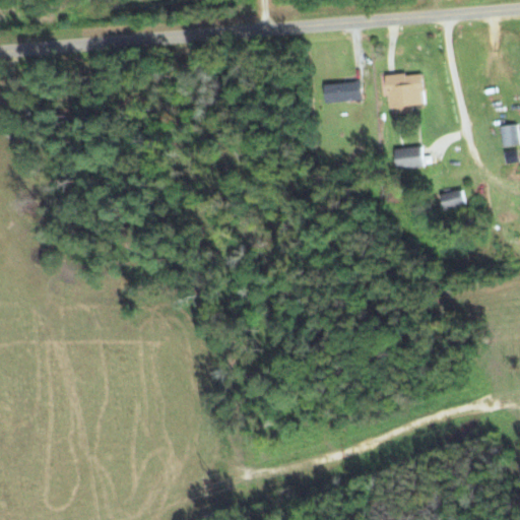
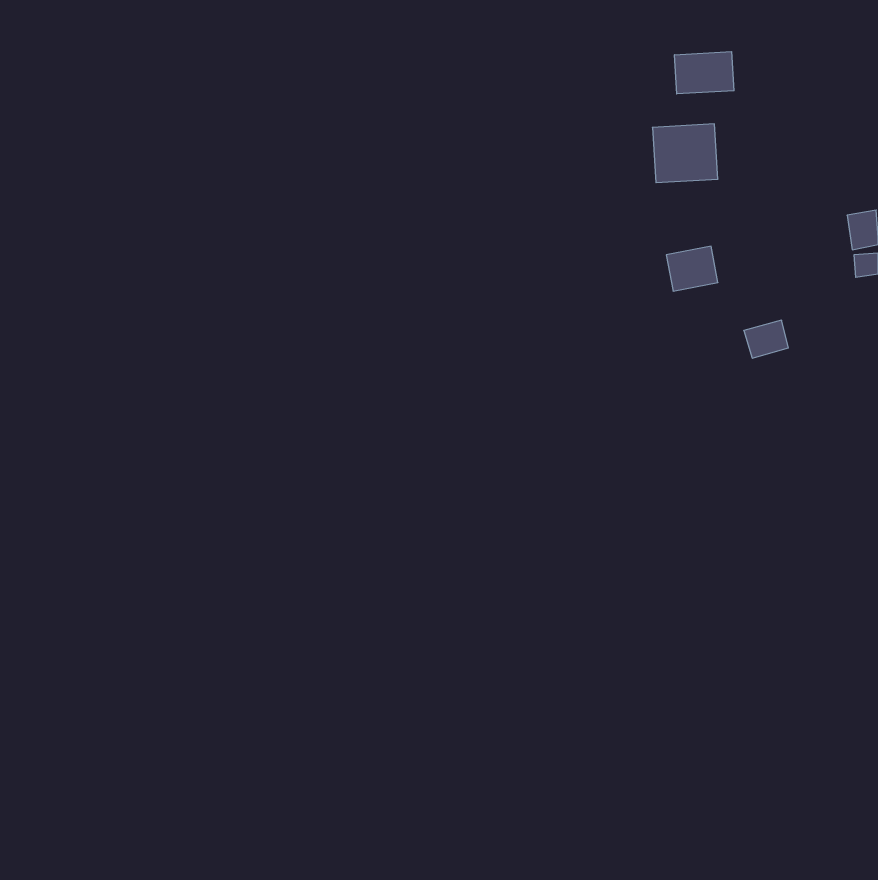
building: none -> [675,52,734,94]
building: [324,82,361,102] -> none

